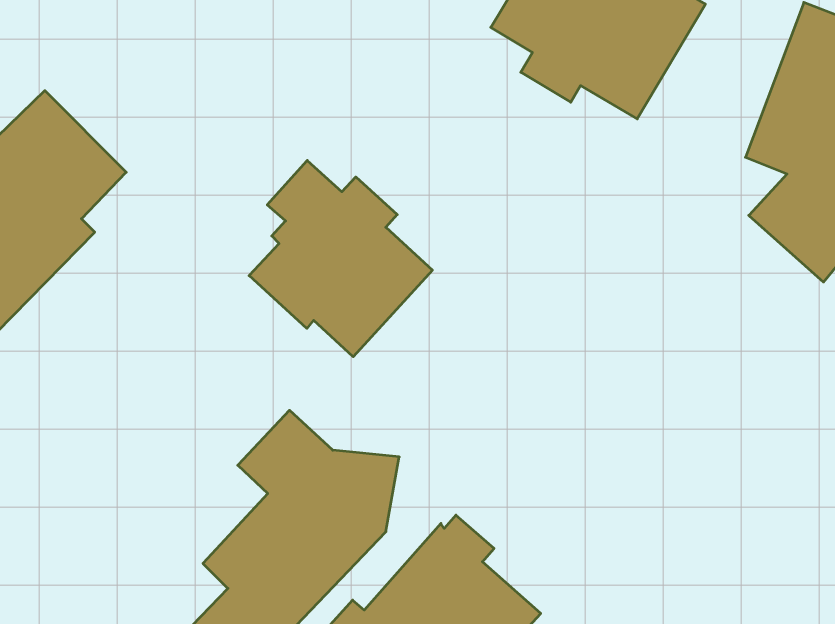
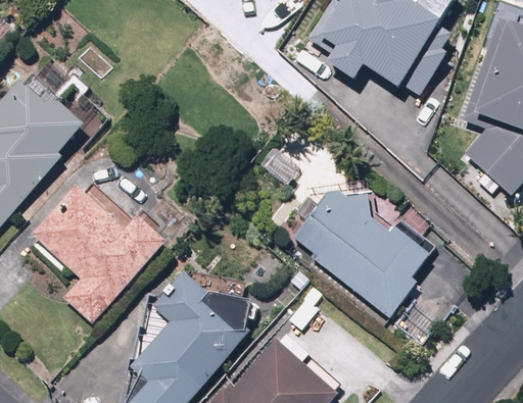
building: [249,160,432,357] -> none
building: none -> [34,181,169,321]
building: none -> [297,187,429,316]

